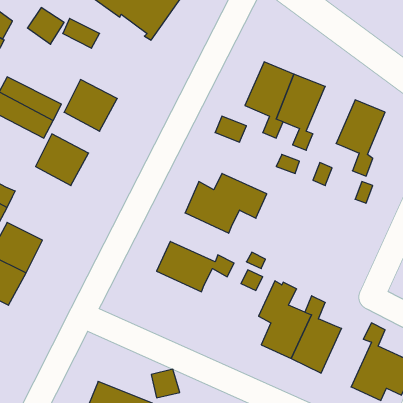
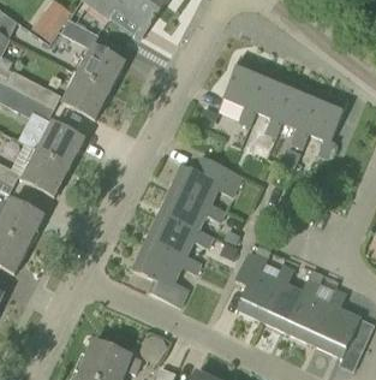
building: none -> [77,44,125,90]
building: none -> [276,79,320,147]
building: none -> [11,144,68,196]
building: none -> [156,191,225,234]
building: none -> [132,243,201,307]
building: none -> [290,268,334,345]

